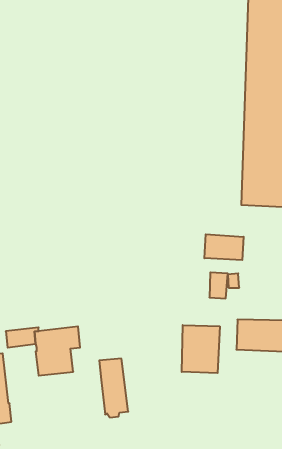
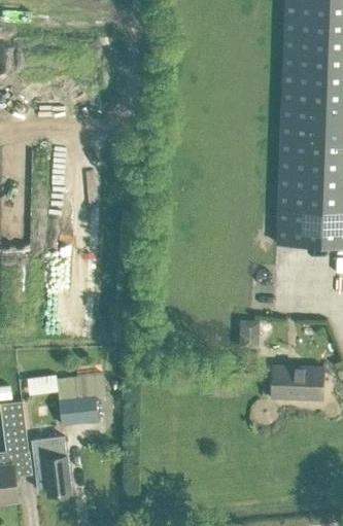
building: [204,234,244,260] -> none
building: [182,325,220,373] -> none
building: [99,359,128,417] -> [41,435,72,498]

